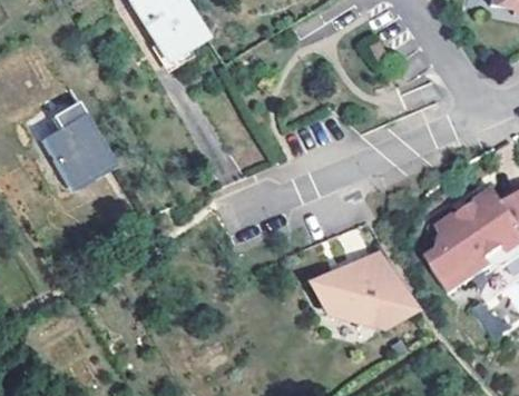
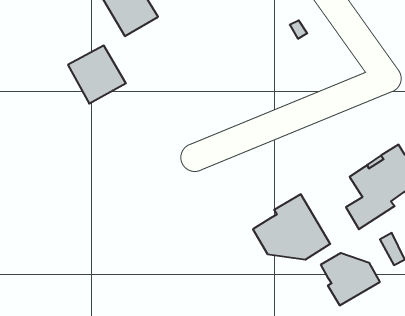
building: [42,110,112,180] -> [68,46,126,104]
building: none -> [321,253,380,306]

